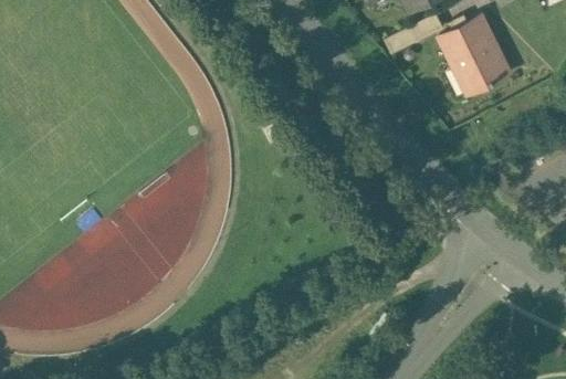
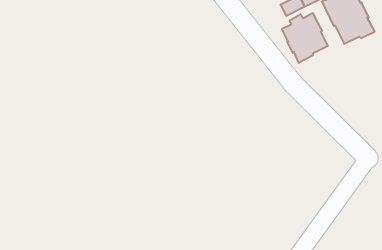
building: none -> [282,13,328,63]

